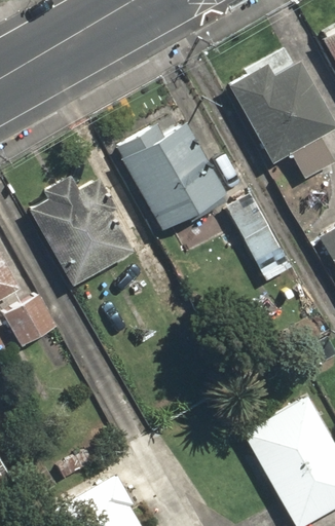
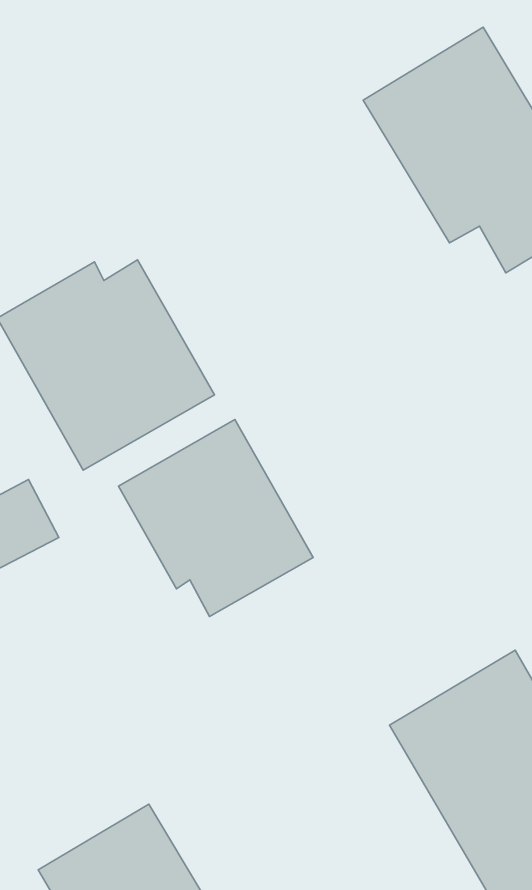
building: [114,120,228,230] -> none
building: [229,196,283,261] -> none
building: none -> [118,420,313,616]

